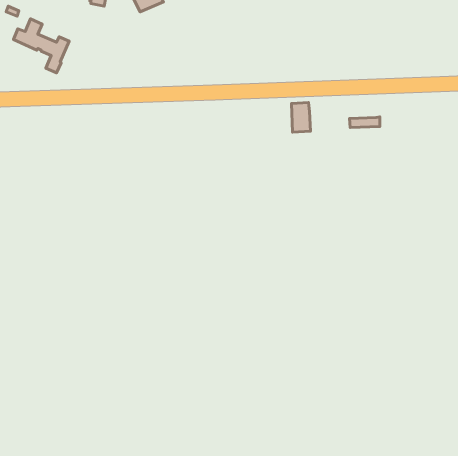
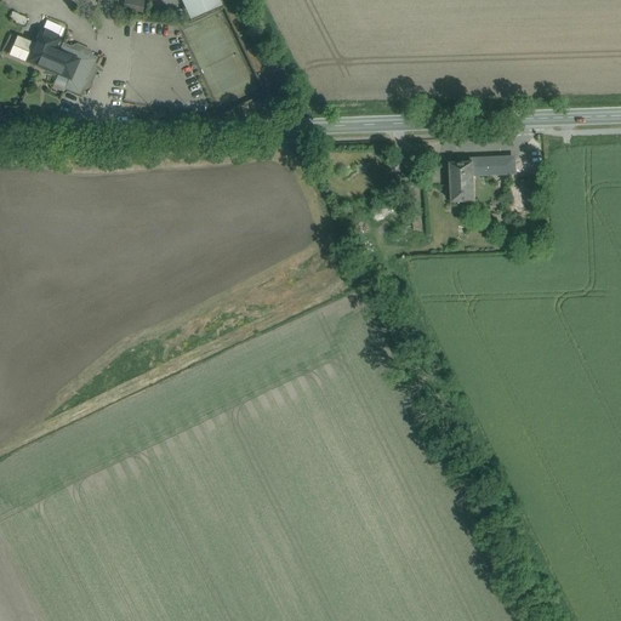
building: [292,103,310,132] -> [449,160,474,200]

